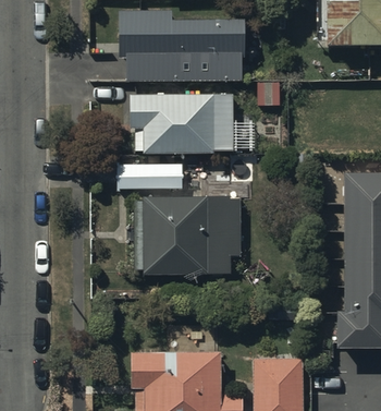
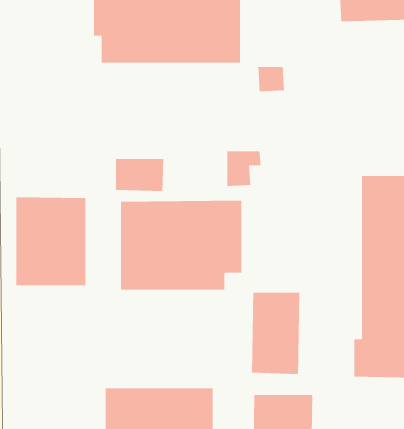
building: [130,93,233,150] -> none
building: none -> [15,196,86,286]
building: none -> [251,292,300,375]

